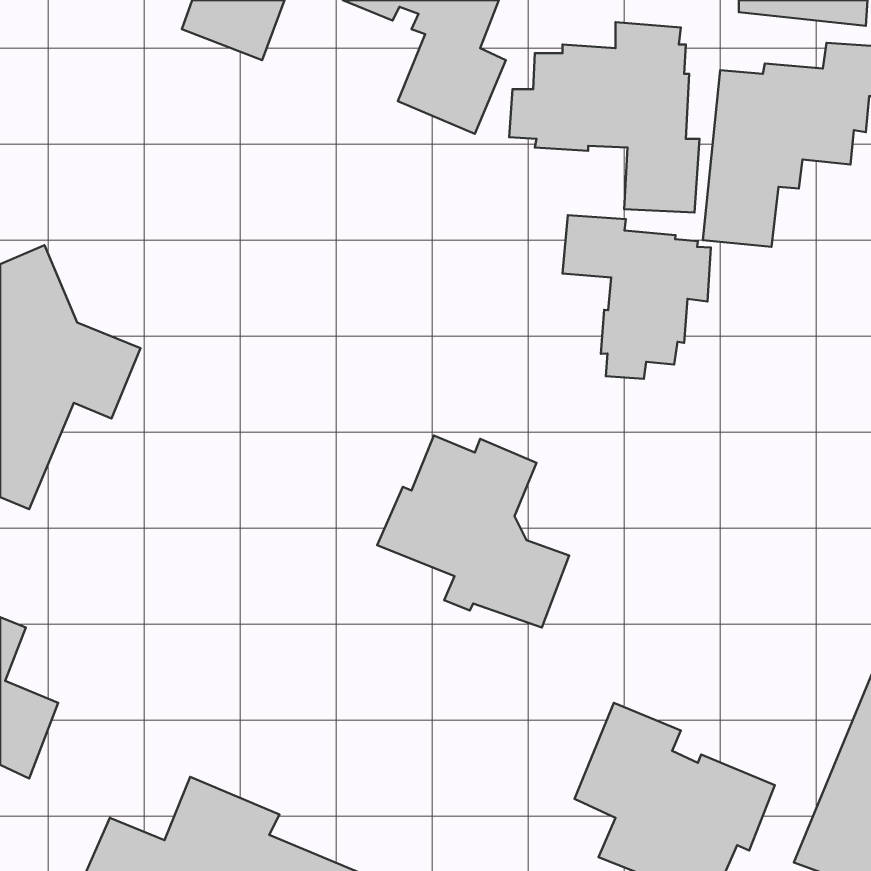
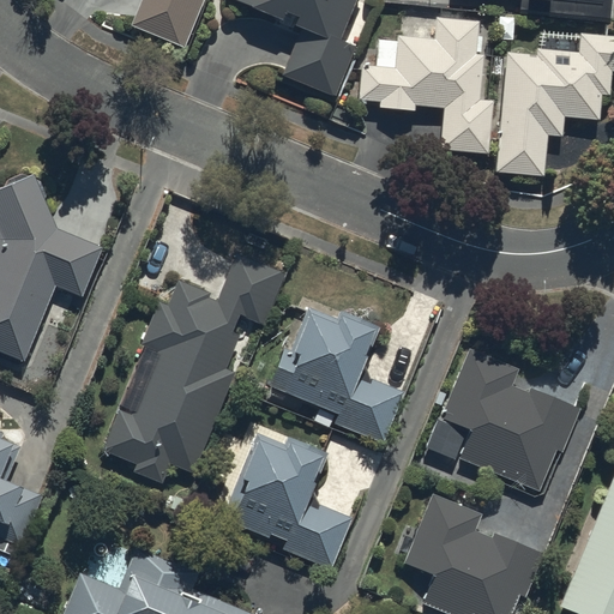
building: [563,215,711,379] -> none
building: none -> [104,254,285,483]
building: none -> [427,350,580,490]
building: none -> [225,435,350,568]

